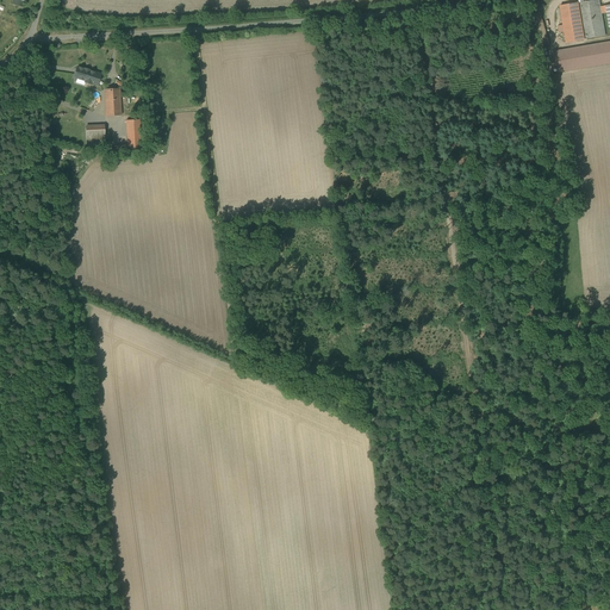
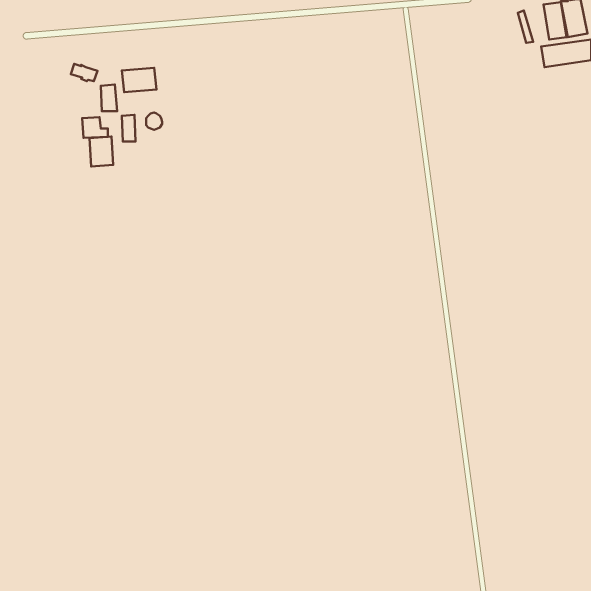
building: none -> [122,68,157,92]
building: none -> [89,136,113,166]

